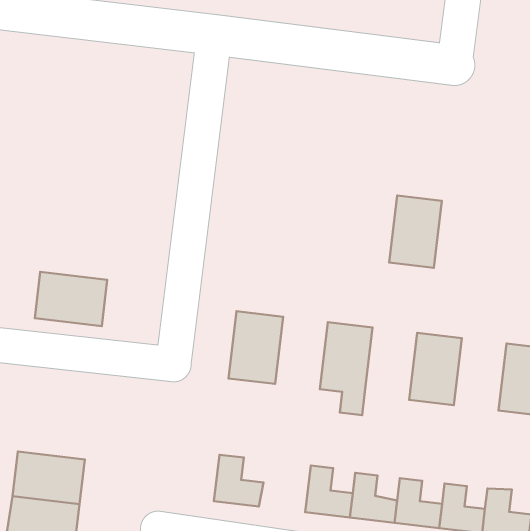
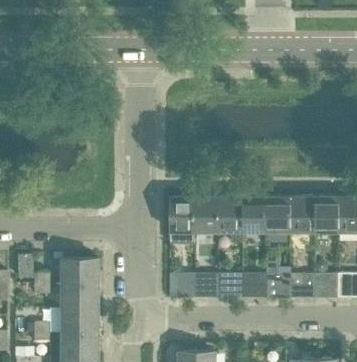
building: [389,195,442,268] -> [242,196,266,232]
building: [35,272,107,326] -> [62,259,98,284]
building: none -> [194,196,218,232]
building: none -> [290,196,314,232]
building: none -> [193,273,218,298]

